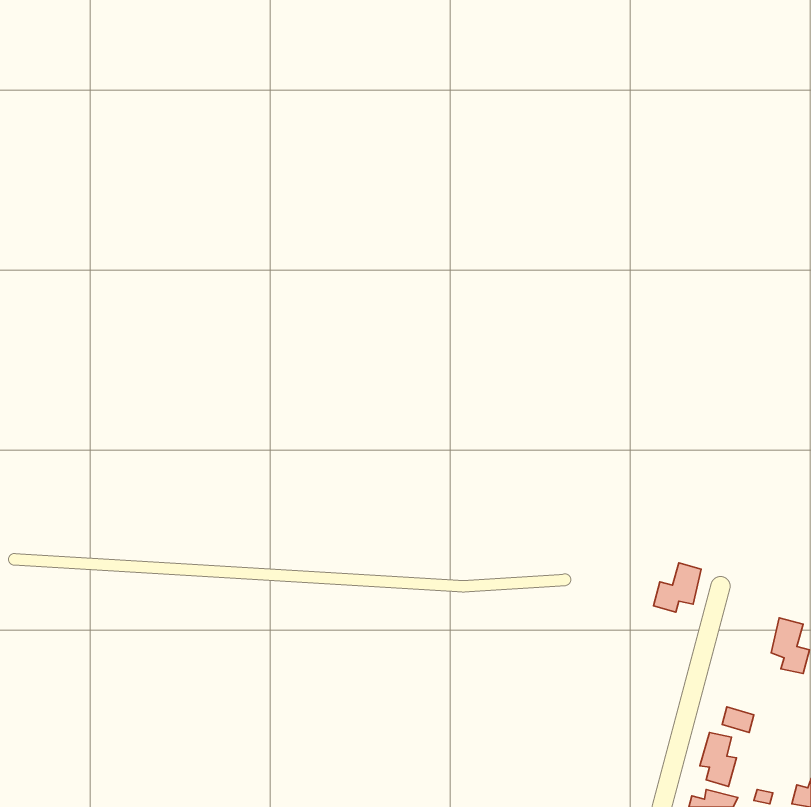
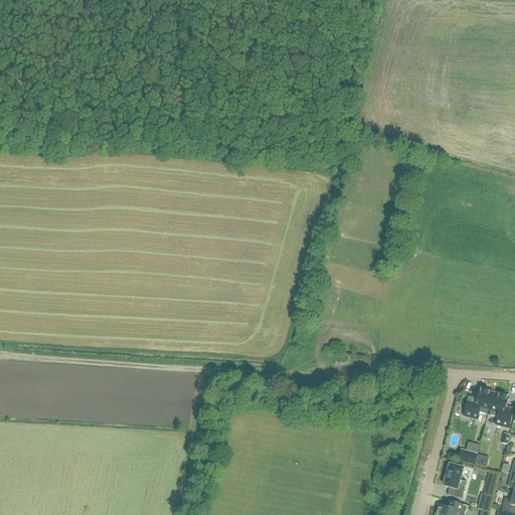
building: [654,563,701,612] -> [464,387,494,418]

